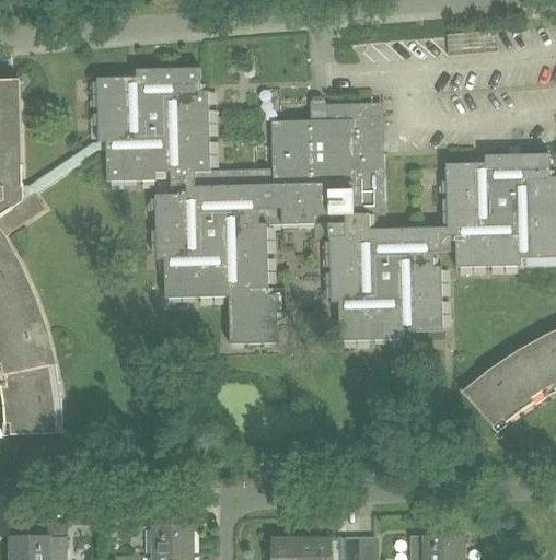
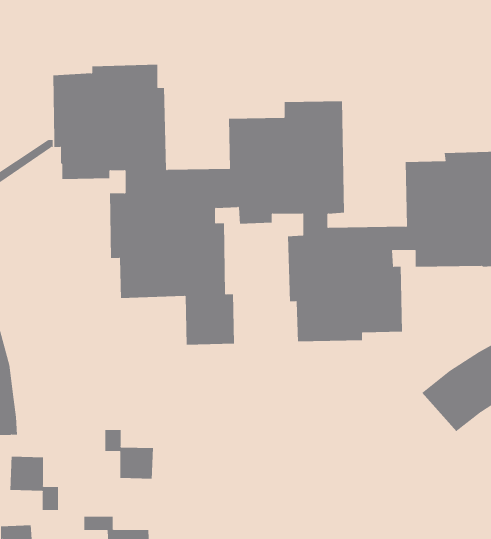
building: none -> [105,429,153,479]
building: none -> [10,456,58,511]

